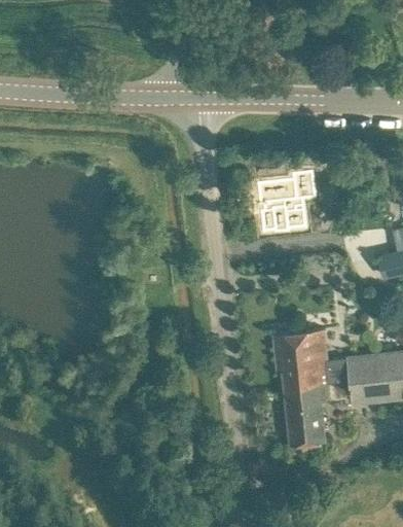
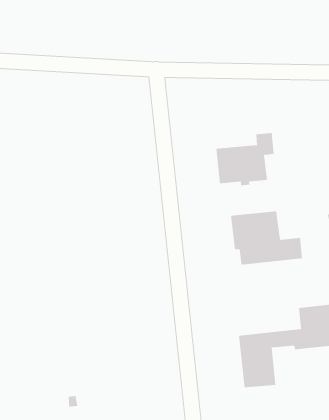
building: [272,330,351,389] -> [230,211,303,265]

